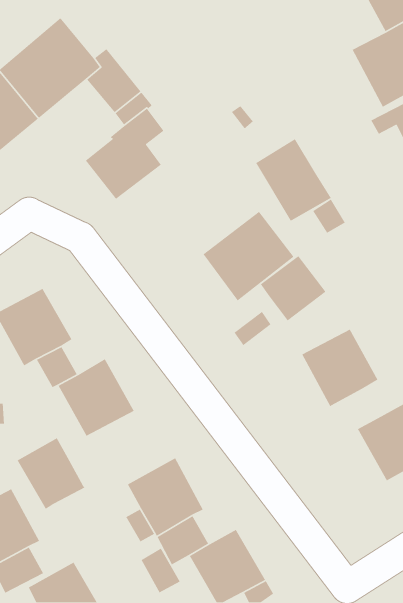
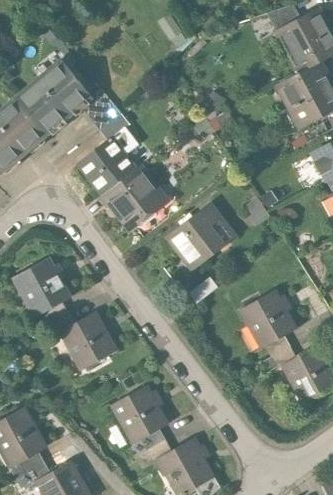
building: [255,138,332,222] -> none
building: none -> [102,167,161,230]
building: [260,255,327,321] -> none
building: none -> [260,336,295,373]
building: [17,437,85,510] -> none
building: [140,548,181,594] -> none

